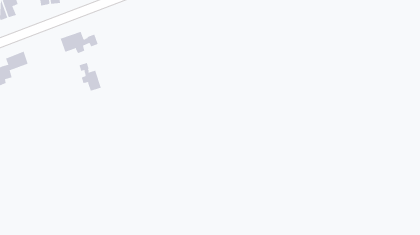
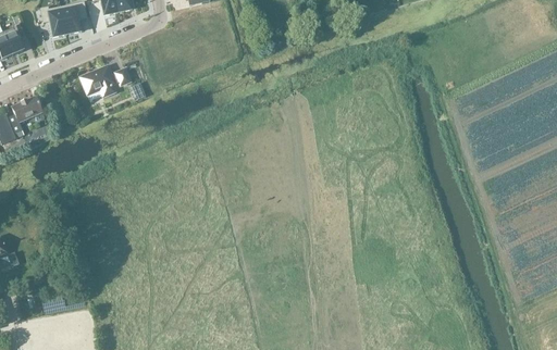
building: [79,62,102,92] -> none

